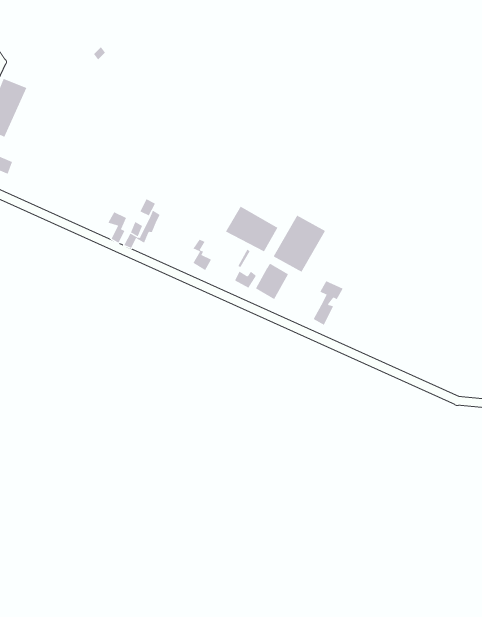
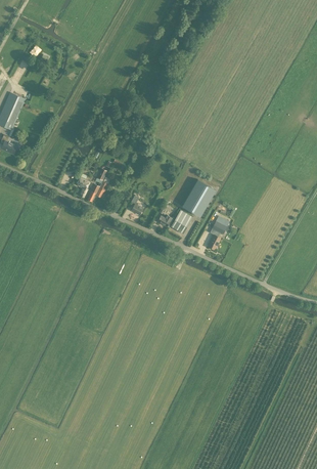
building: [225,206,278,252] -> none

